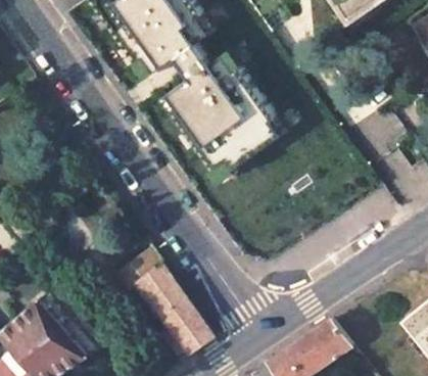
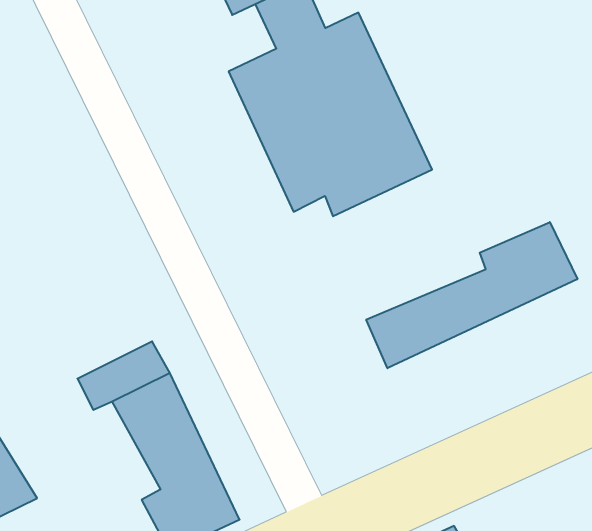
building: none -> [366,222,577,368]

